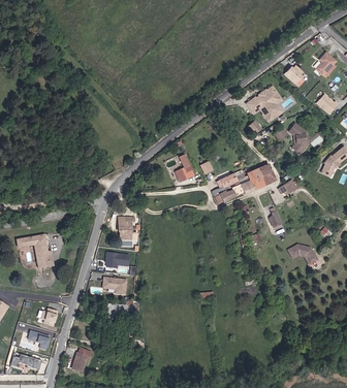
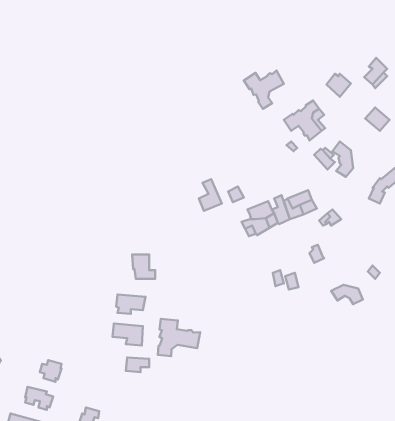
building: none -> [244,70,284,109]
building: [18,235,53,267] -> none
building: none -> [158,319,200,356]

